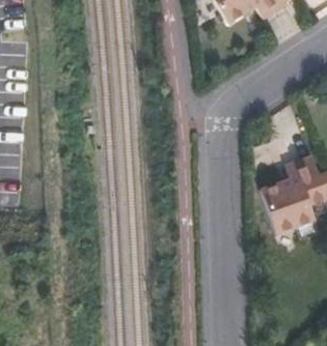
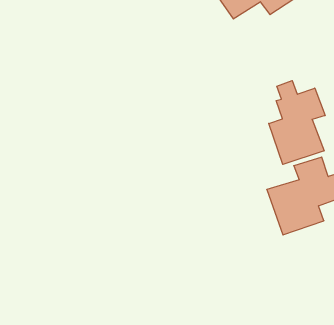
building: none -> [269,81,325,164]

